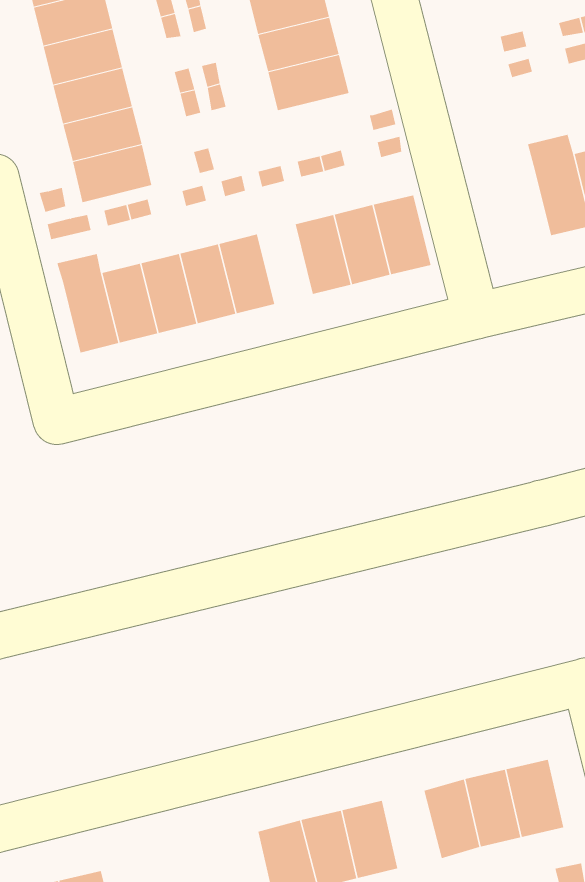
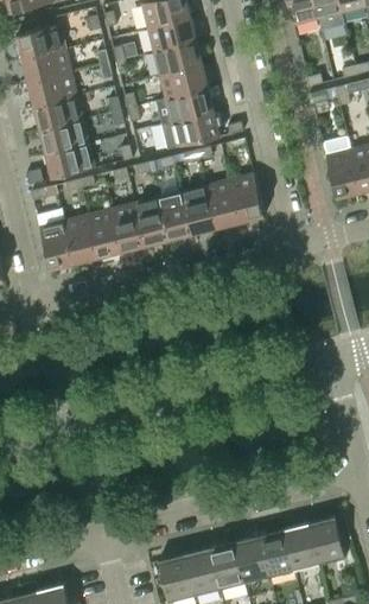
building: none -> [161,112,221,150]
building: none -> [159,191,192,240]
building: none -> [235,535,271,583]

